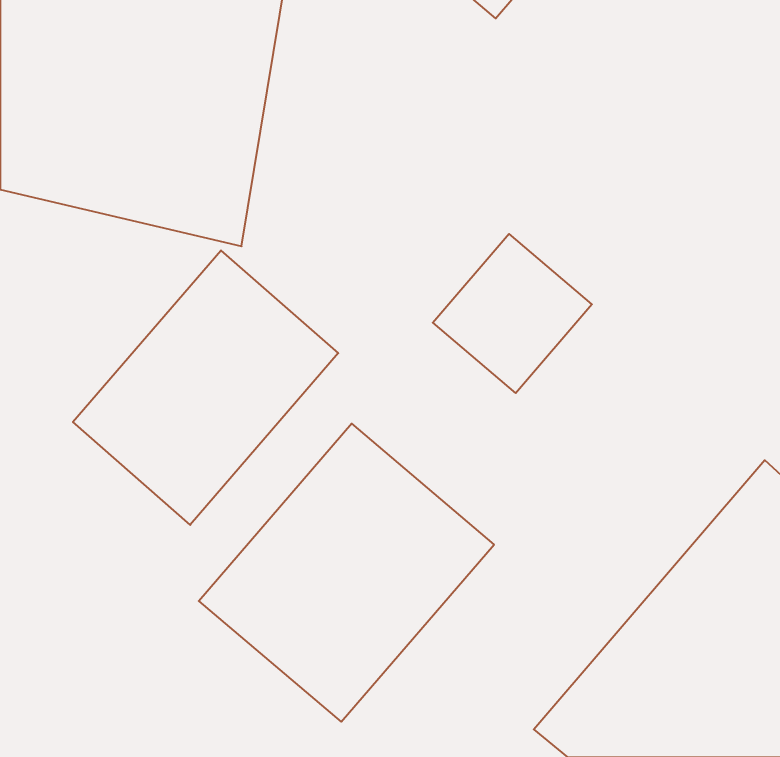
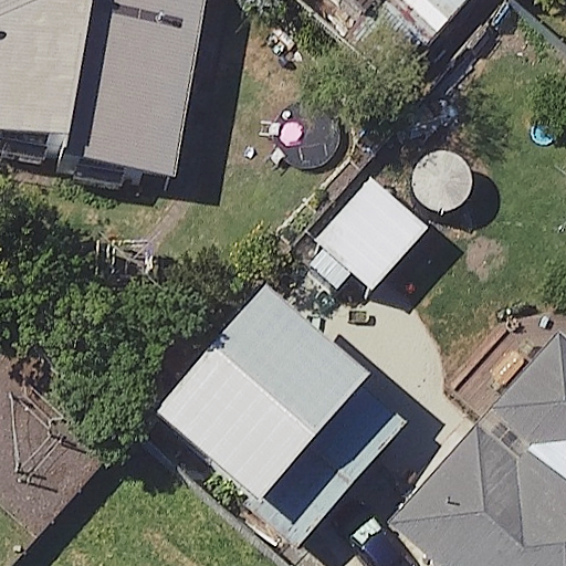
building: [73,250,338,525] -> none

